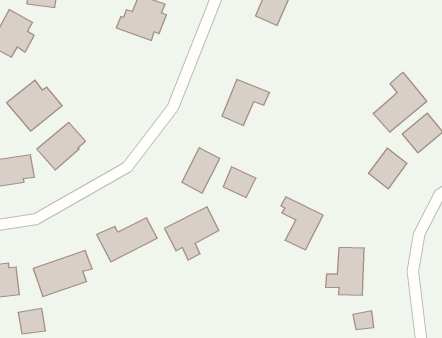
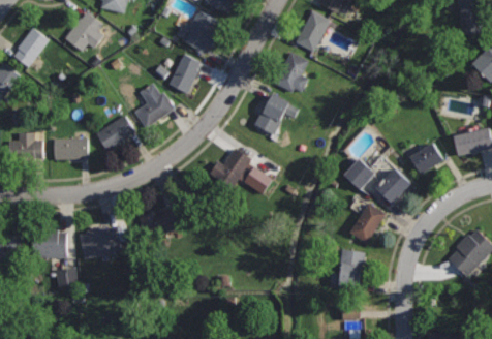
building: none -> [273,51,310,94]
building: none -> [167,53,201,94]
building: [373,72,427,132] -> none
building: [7,80,62,131] -> [127,85,175,128]
building: none -> [349,160,380,192]
building: [281,197,323,250] -> [349,194,385,242]
building: [165,207,219,260] -> none

